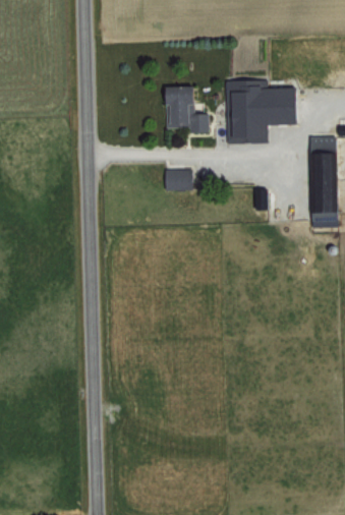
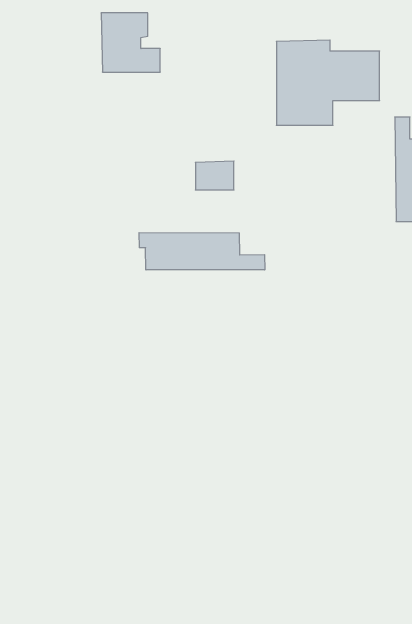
building: [169,87,213,130] -> [101,13,160,72]
building: none -> [139,233,265,270]

